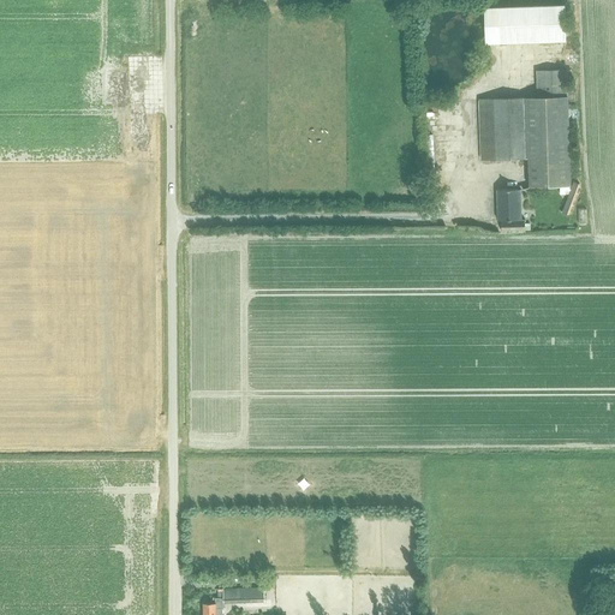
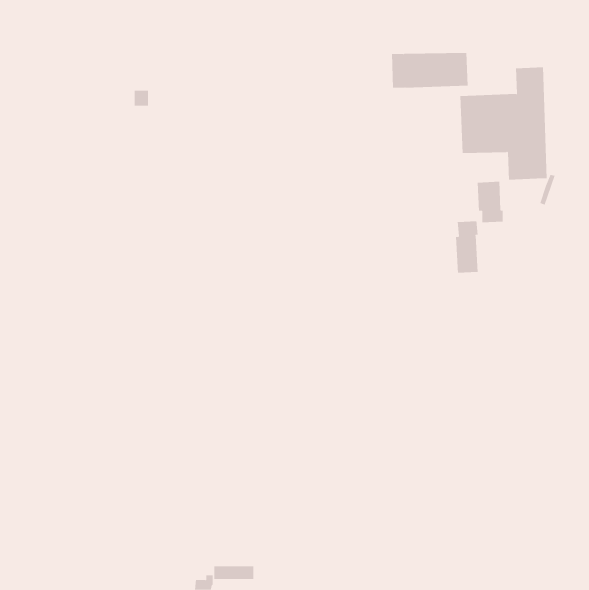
building: [484,6,565,43] -> [391,52,468,88]
building: none -> [455,221,478,273]

